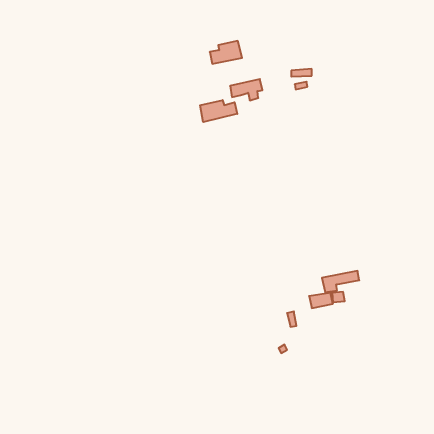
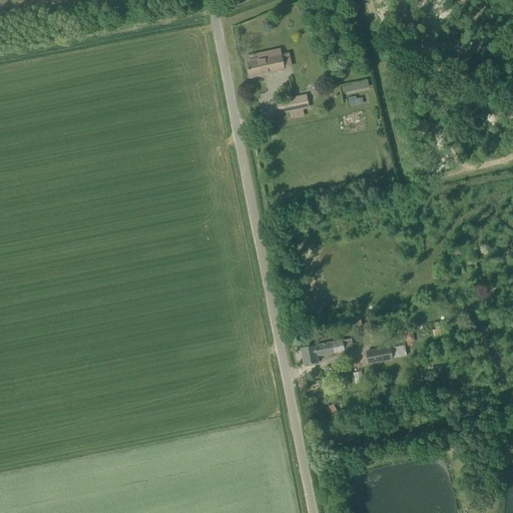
building: [200,100,237,122] -> none
building: [322,271,359,292] -> [301,339,345,364]

